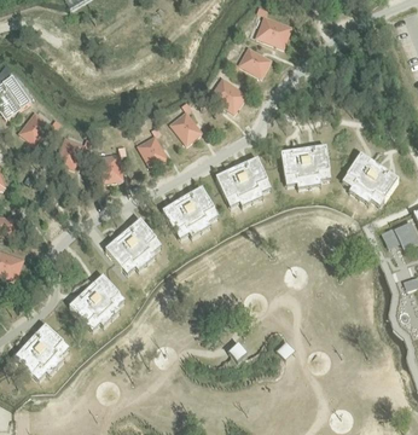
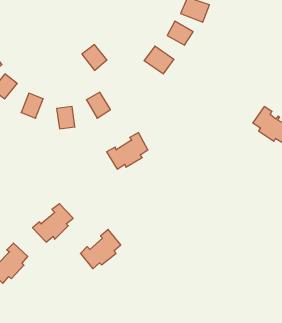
building: [169,111,201,144] -> [82,45,107,70]
building: [280,145,330,179] -> none
building: [215,157,267,198] -> none
building: [105,219,156,268] -> [80,229,121,269]

